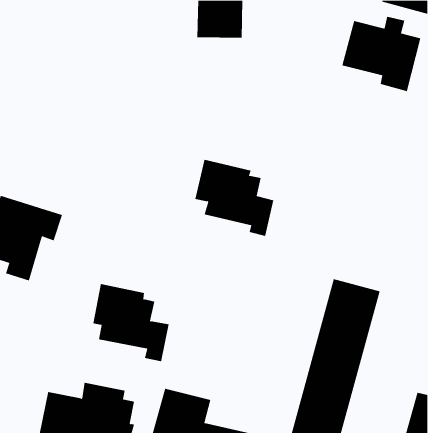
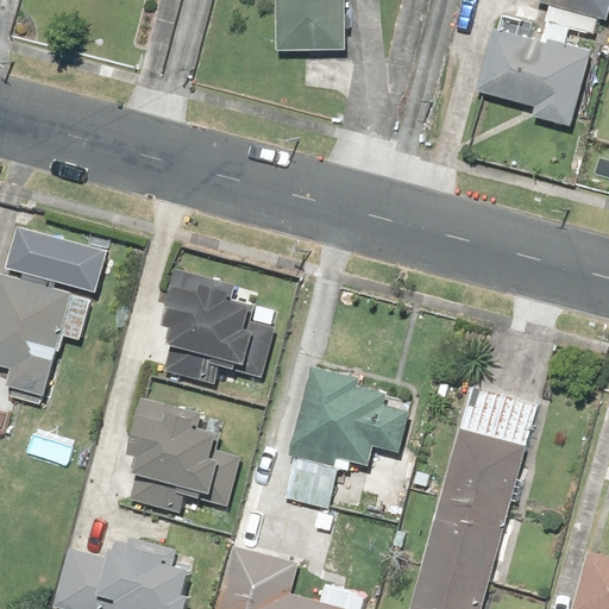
building: [195,159,274,237] -> [158,269,270,377]
building: none -> [6,227,107,293]
building: none -> [282,364,410,508]

